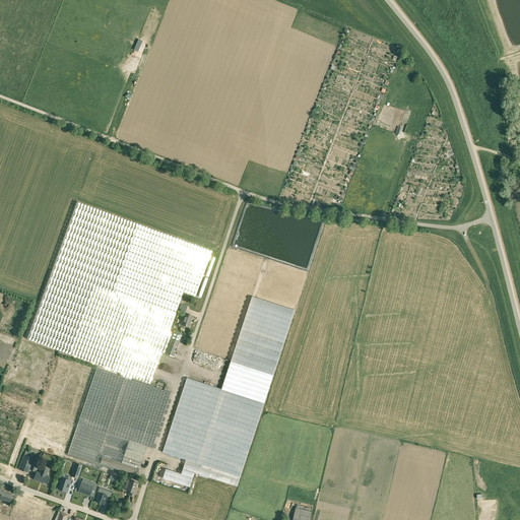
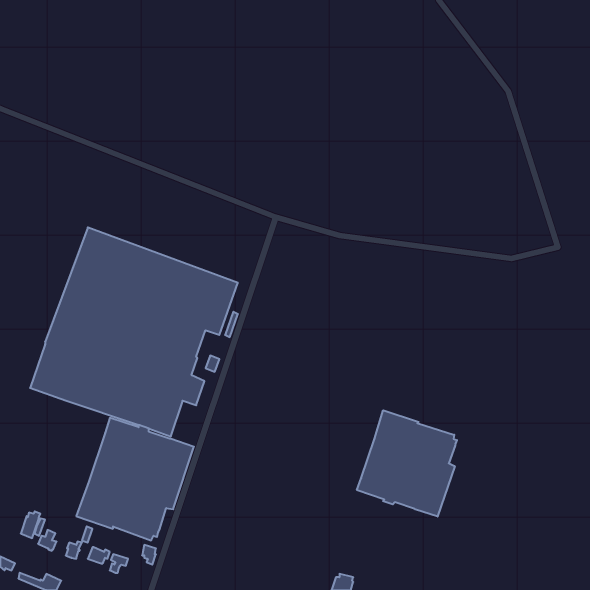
building: [162,297,295,486] -> none
building: none -> [357,410,457,517]

